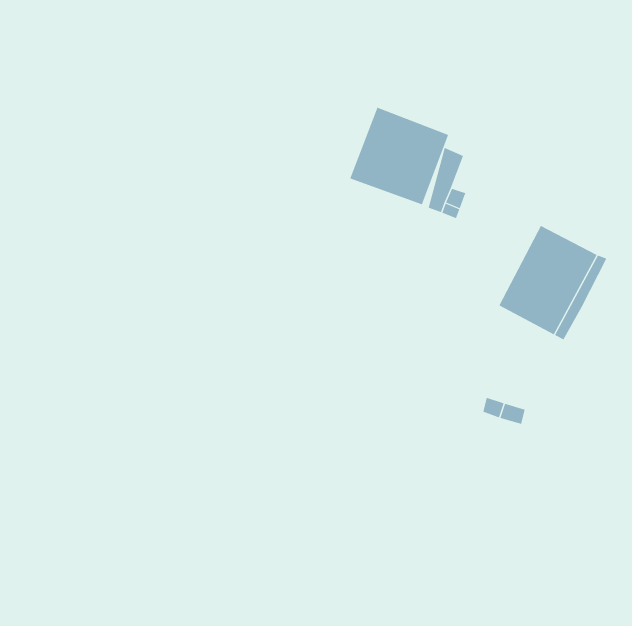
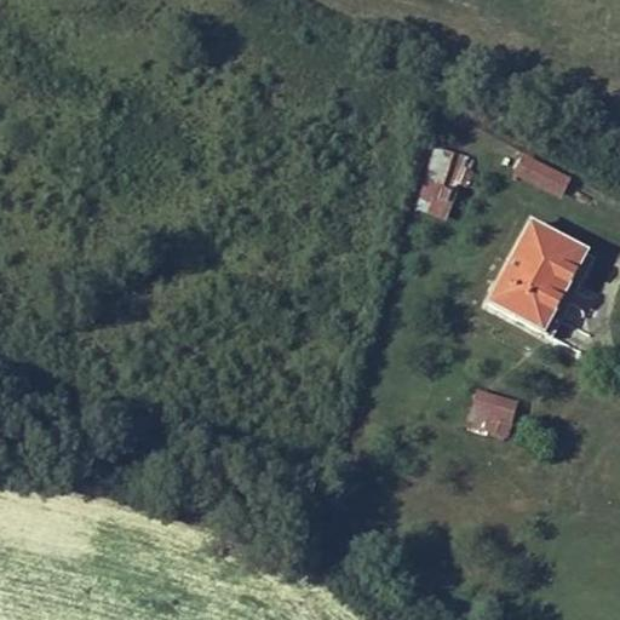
building: [350,107,449,205] -> none
building: none -> [512,153,569,193]

